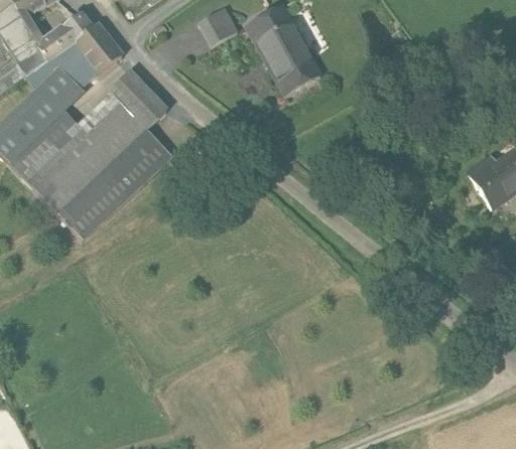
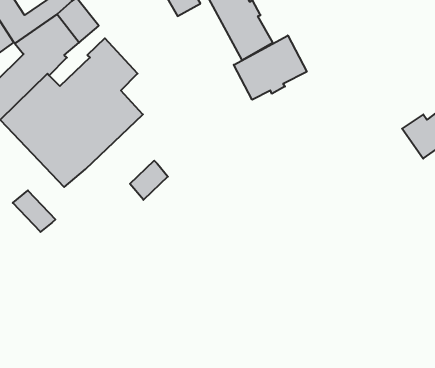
building: none -> [234,35,307,100]
building: none -> [130,161,168,200]
building: none -> [13,190,55,232]

